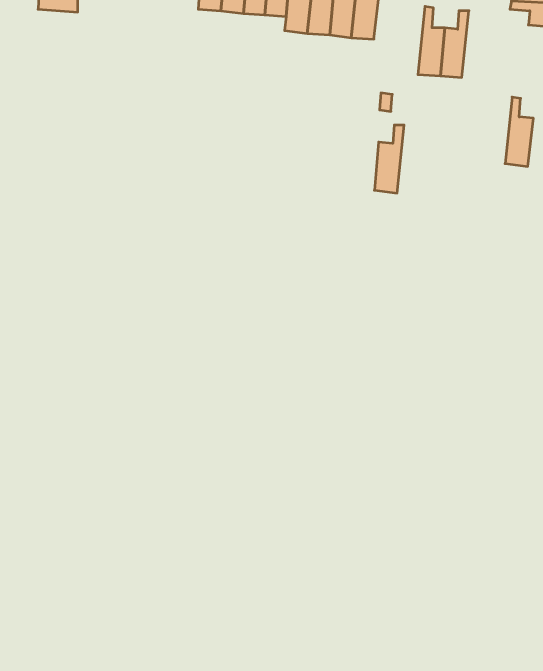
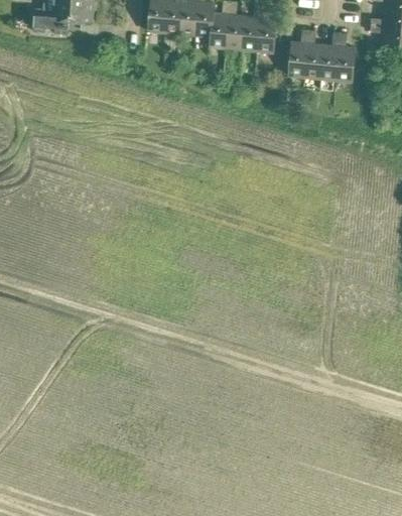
building: [505,97,533,166] -> [334,31,355,81]
building: [374,125,404,193] -> [287,28,308,77]

